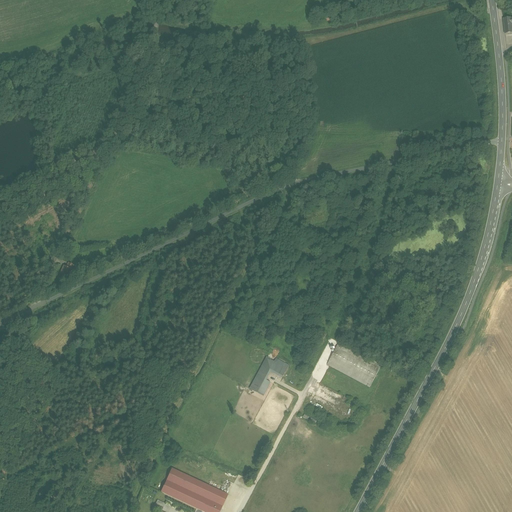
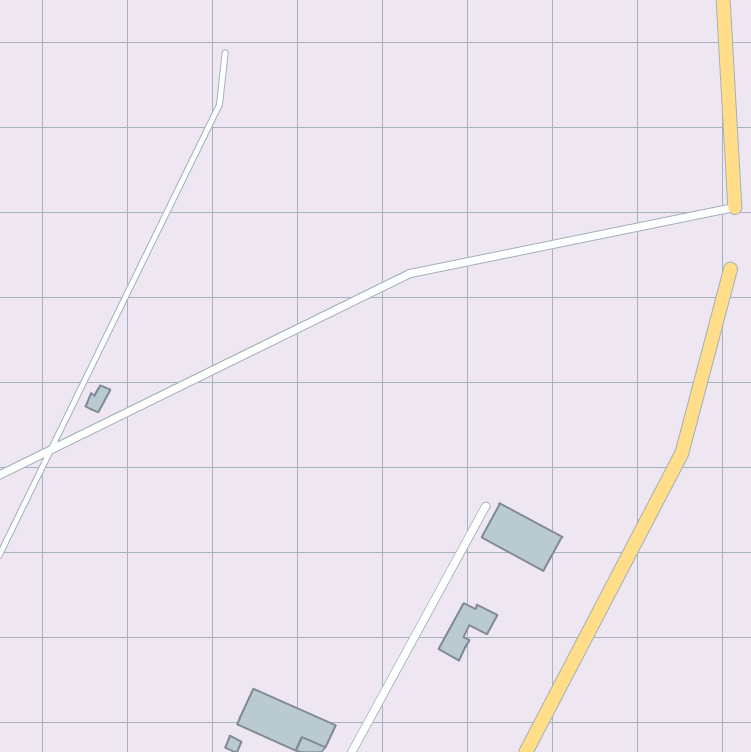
building: [249,357,289,396] -> [439,603,497,661]

